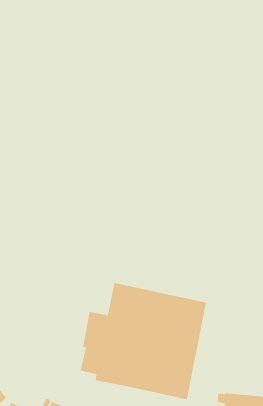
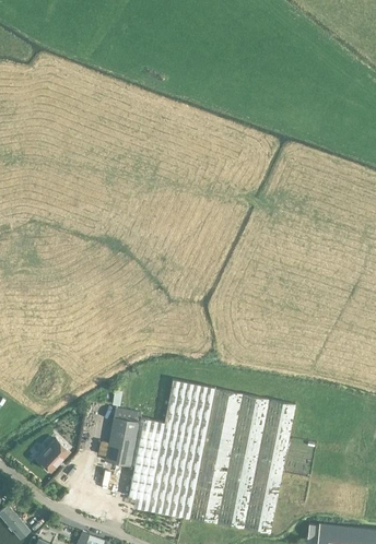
building: none -> [104,409,140,466]
building: none -> [36,440,69,473]

